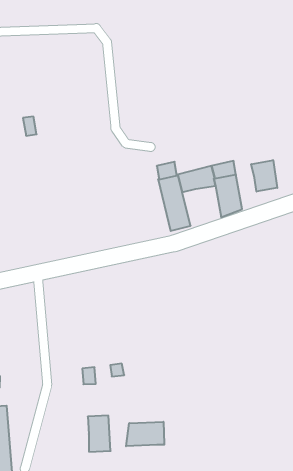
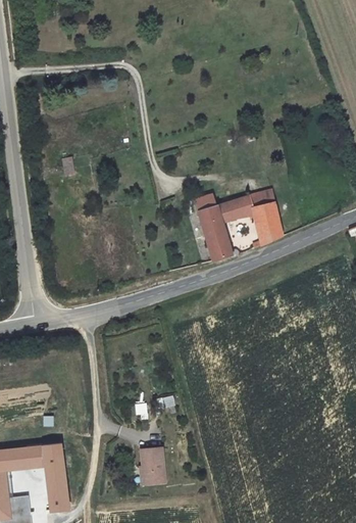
building: [251,160,277,192] -> none
building: [126,422,164,446] -> none

